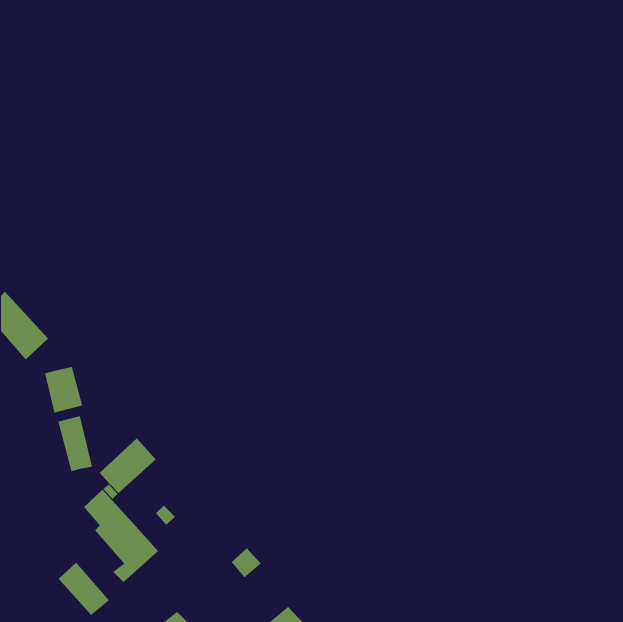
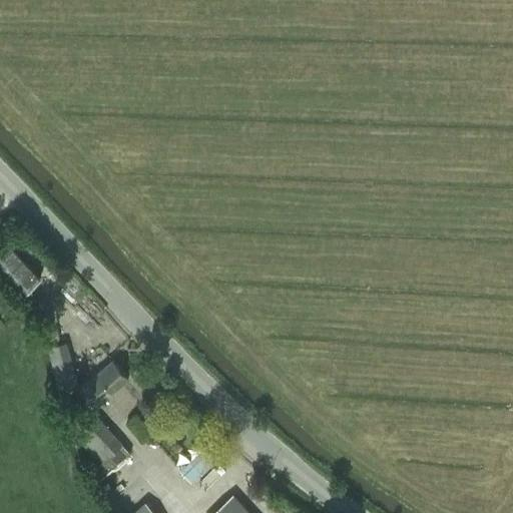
building: [44,366,83,414] -> none
building: [58,562,110,616] -> none

